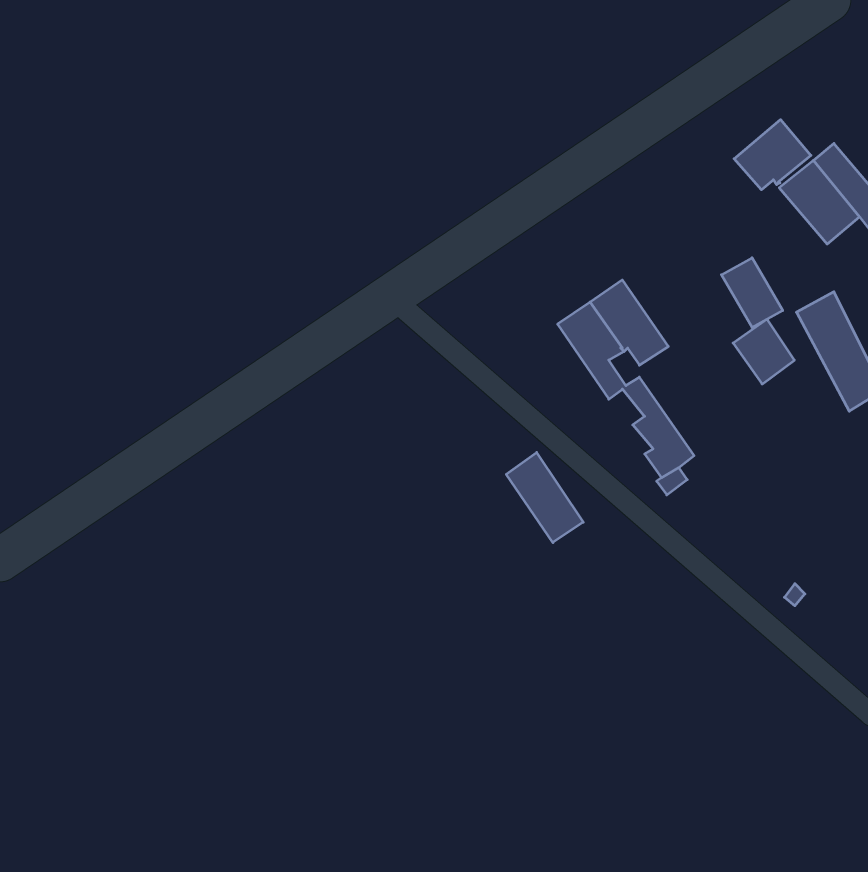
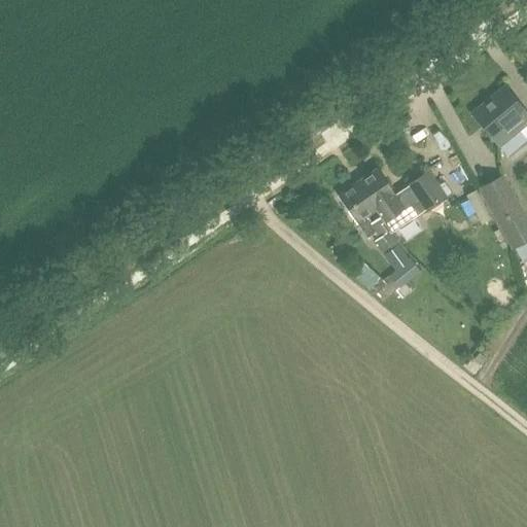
building: [734,120,811,190] -> none
building: [733,319,794,384] -> [409,172,446,211]
building: [506,452,583,543] -> none

